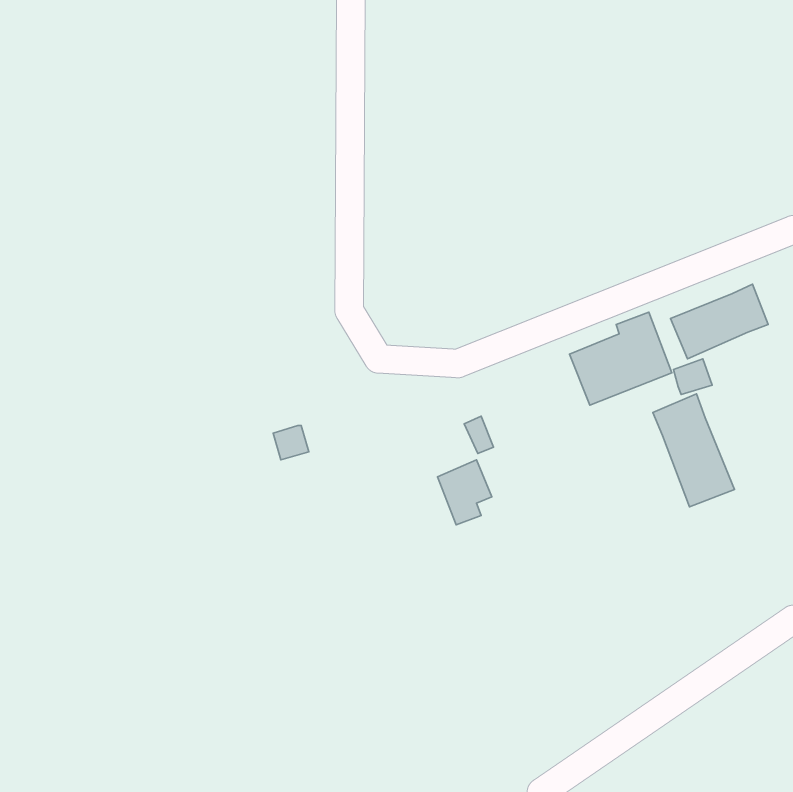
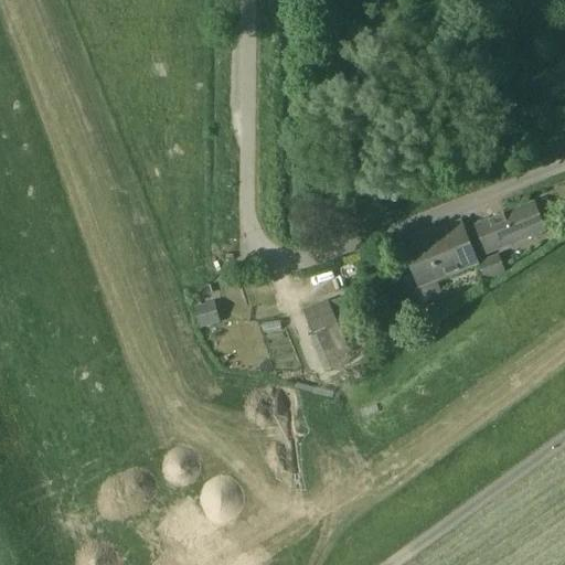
building: [653,394,734,507] -> none
building: none -> [303,301,338,335]

